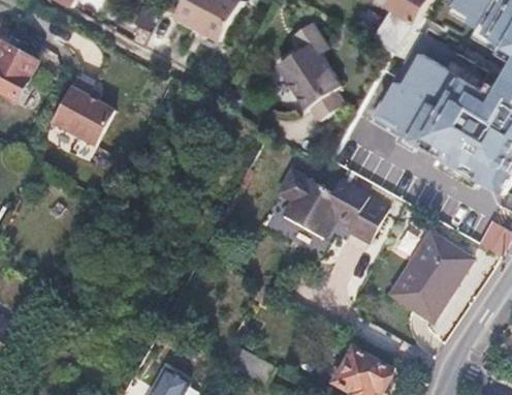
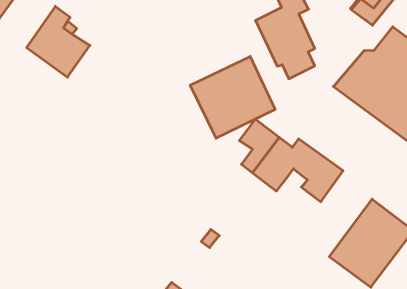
building: none -> [190,56,275,138]

